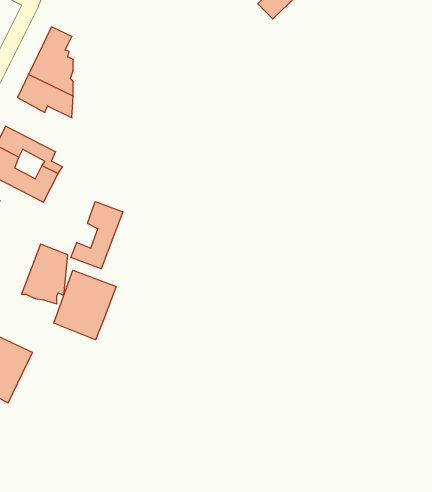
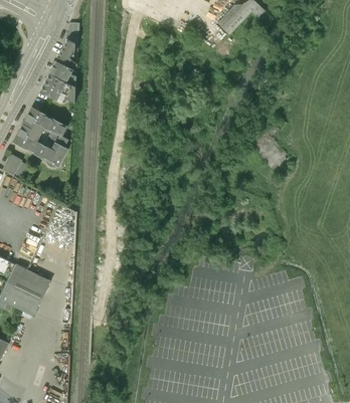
building: [71,202,123,269] -> none
building: [54,270,116,340] -> none

